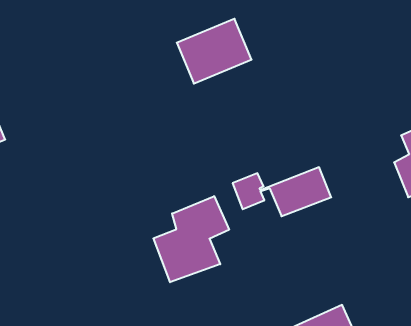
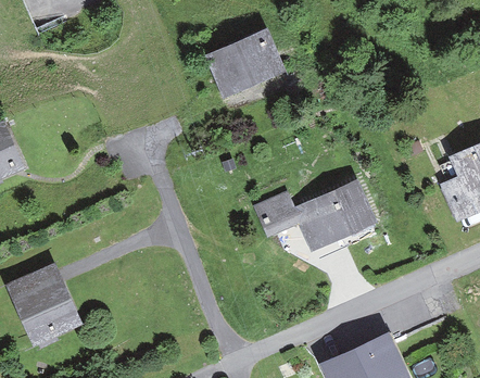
building: [153,196,229,282] -> none
building: none -> [17,273,74,345]

